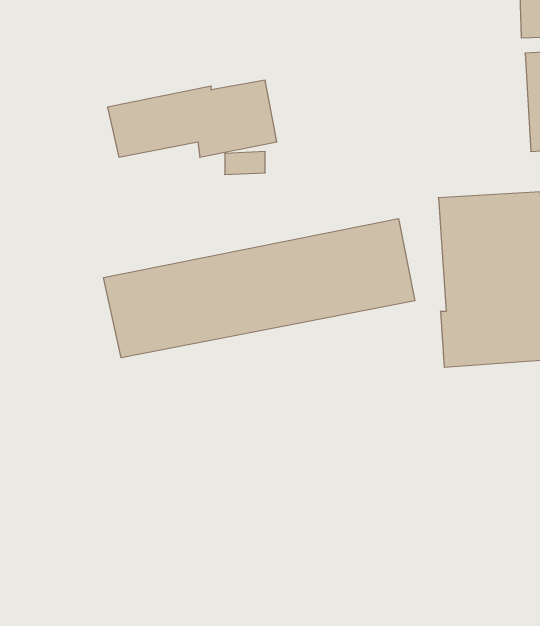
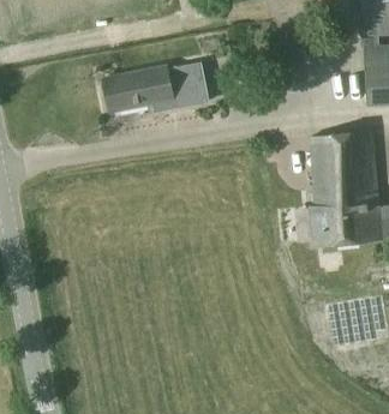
building: [104,219,415,358] -> none

